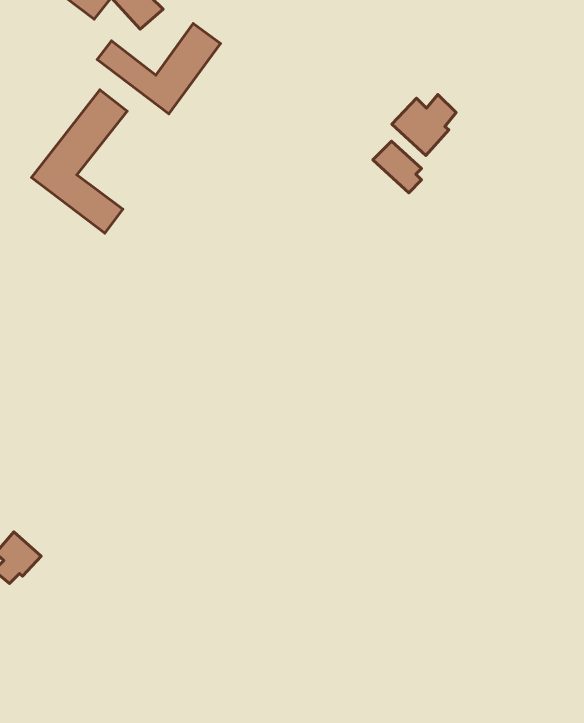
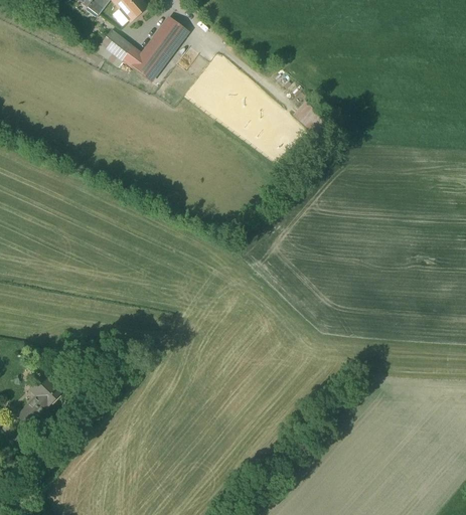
building: [32,90,127,233] -> none
building: [392,94,456,156] -> none

